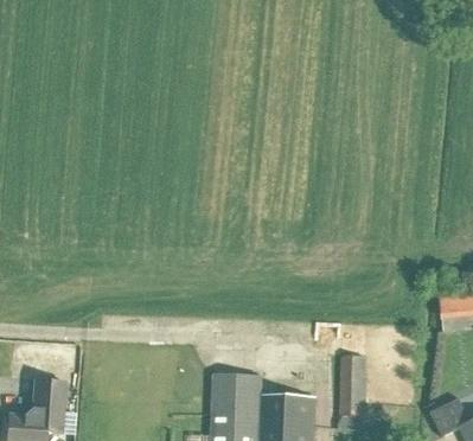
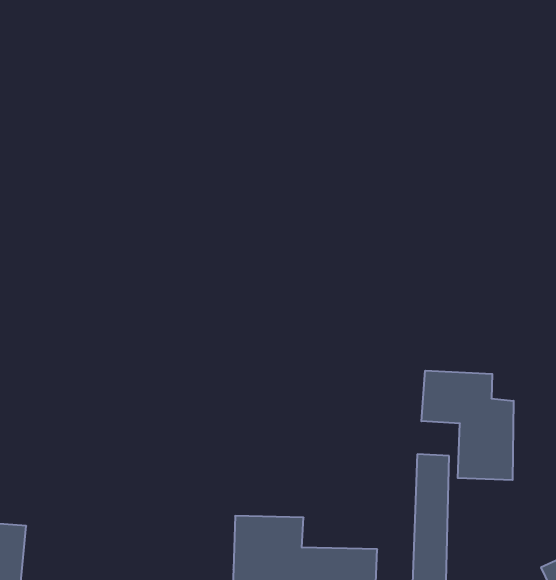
building: none -> [421,371,514,480]

